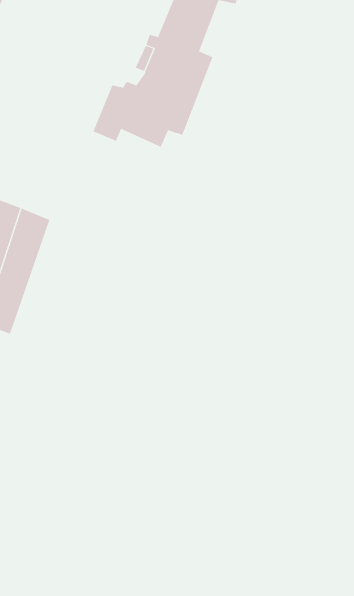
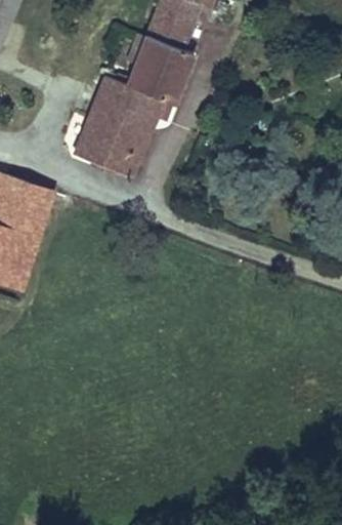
building: none -> [77,117,147,176]

